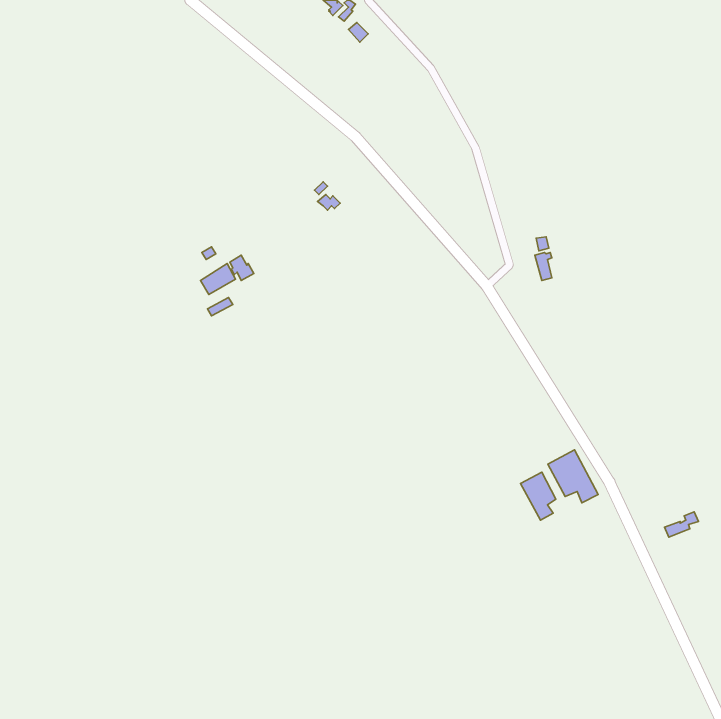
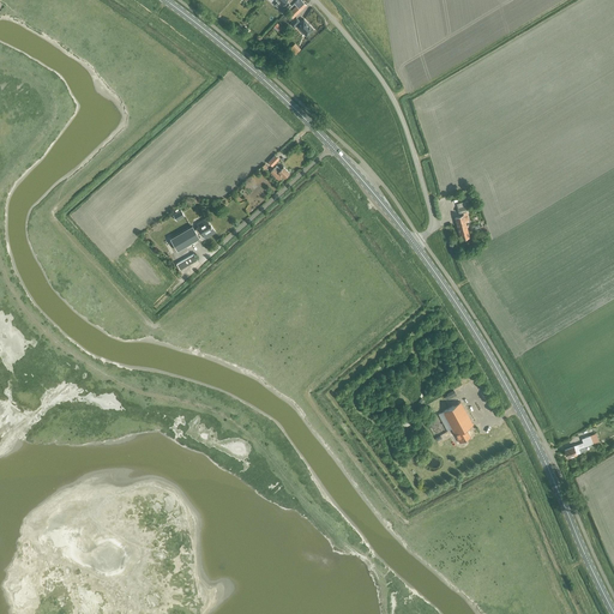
building: [548,450,598,503] -> none

